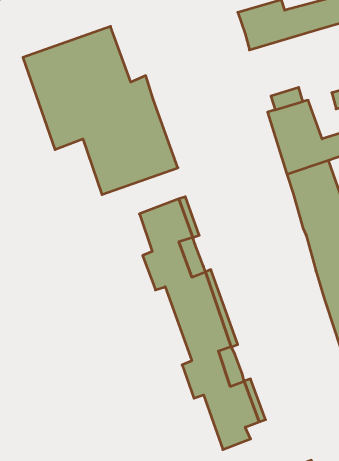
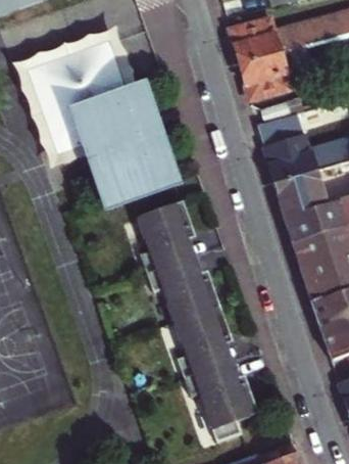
building: none -> [242,44,312,98]

